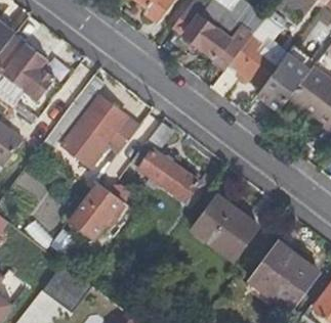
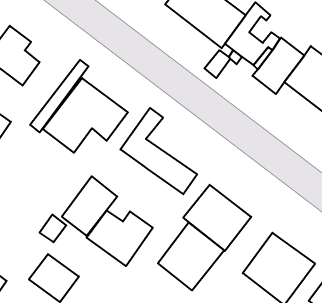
building: none -> [87,210,153,266]
building: none -> [158,223,224,290]

